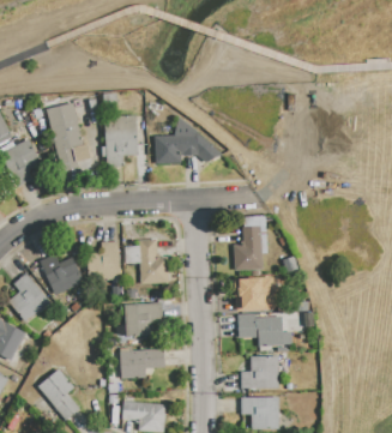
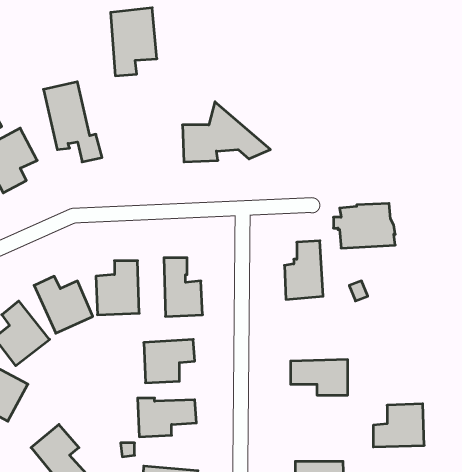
building: [104,114,140,167] -> [111,8,157,76]
building: [231,276,279,311] -> [333,203,395,248]
building: [241,355,281,389] -> [373,404,424,447]

